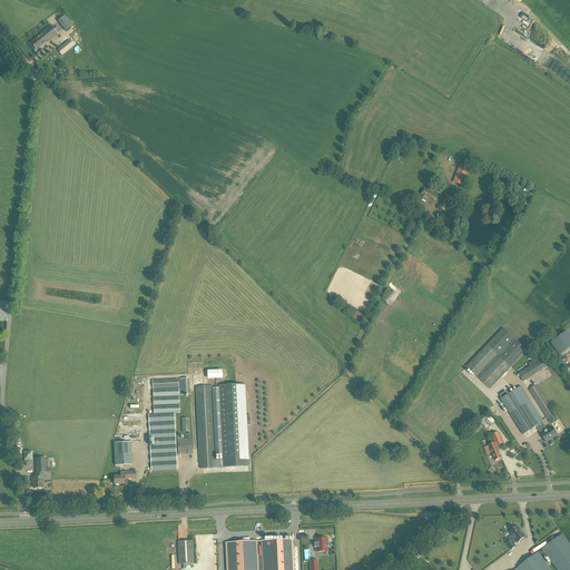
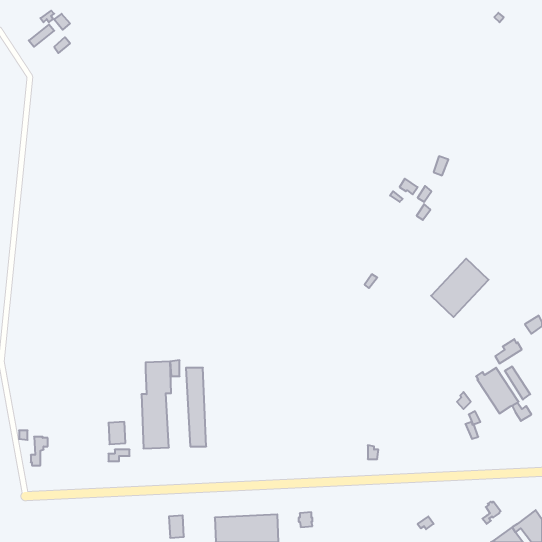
building: [465,327,525,389] -> [431,259,489,317]
building: [217,382,248,465] -> none

